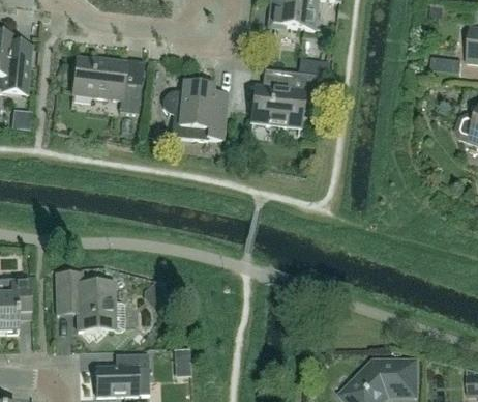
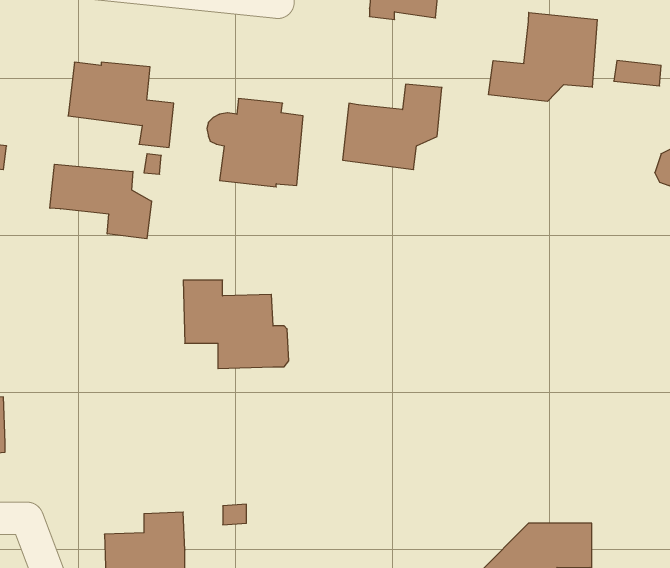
building: none -> [489,12,597,101]
building: none -> [50,164,152,239]
building: [56,271,125,329] -> [183,280,289,369]

